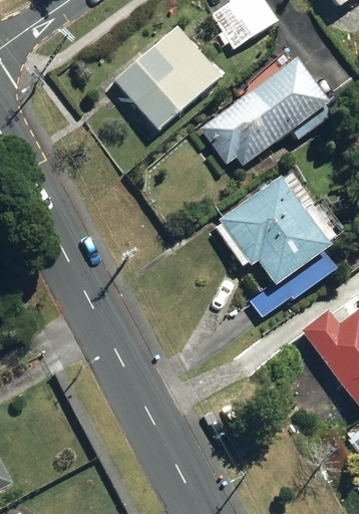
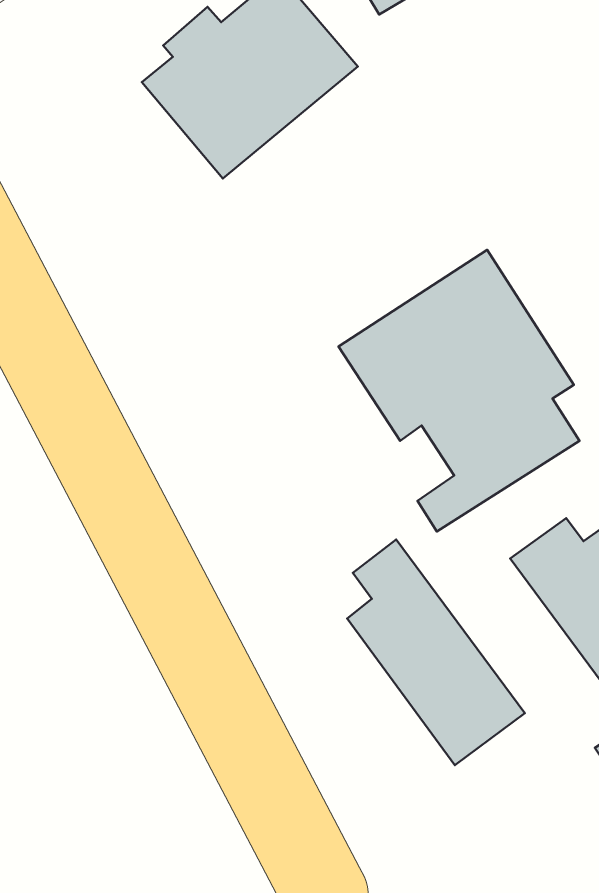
building: [203,55,337,167] -> none
building: none -> [347,540,525,765]

